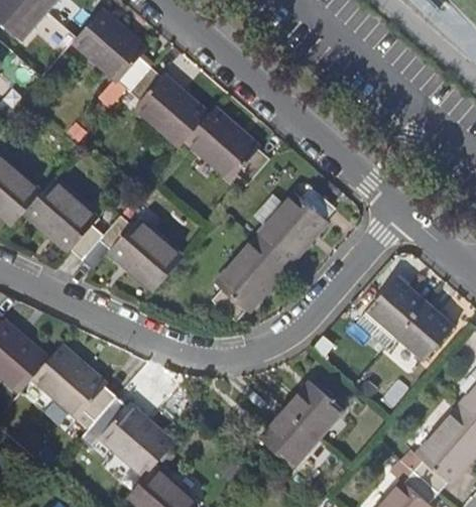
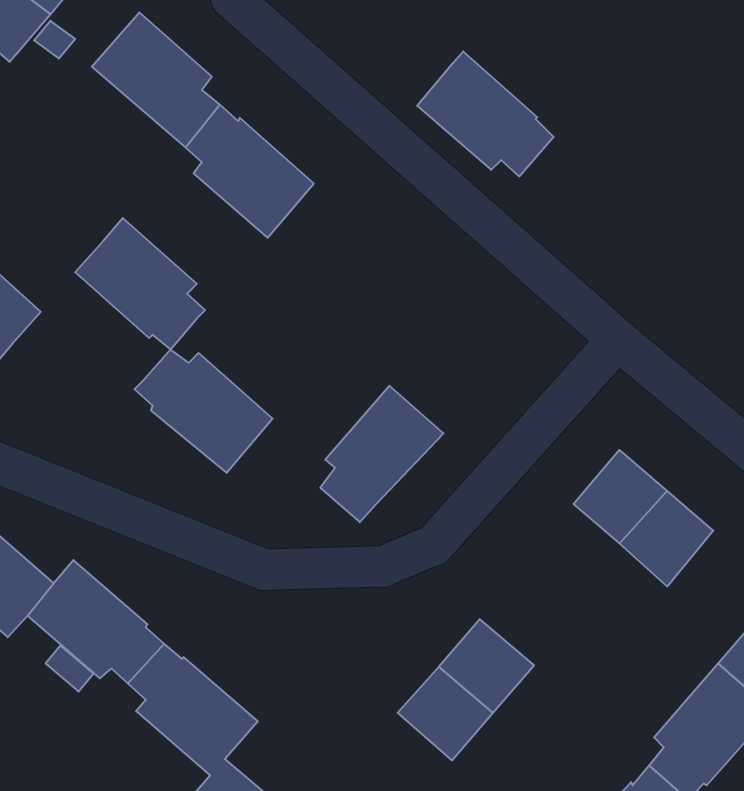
building: [186,107,269,183] -> [417,51,554,176]
building: [23,178,103,259] -> [75,218,205,350]
building: [254,186,335,267] -> none

